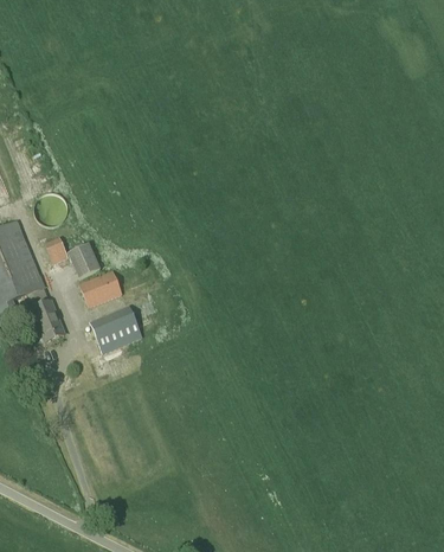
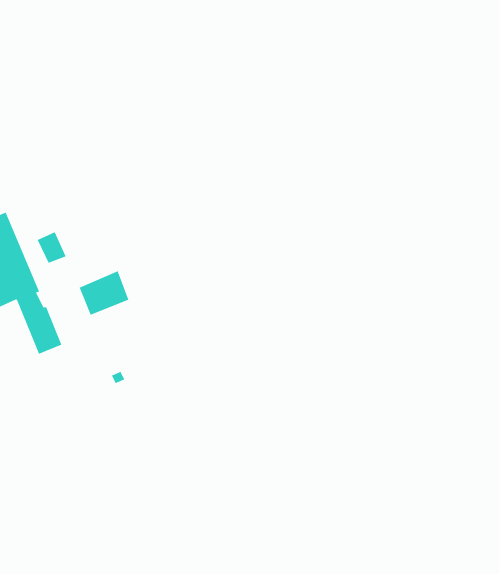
building: [67,243,101,278] -> none
building: [90,304,142,352] -> none

